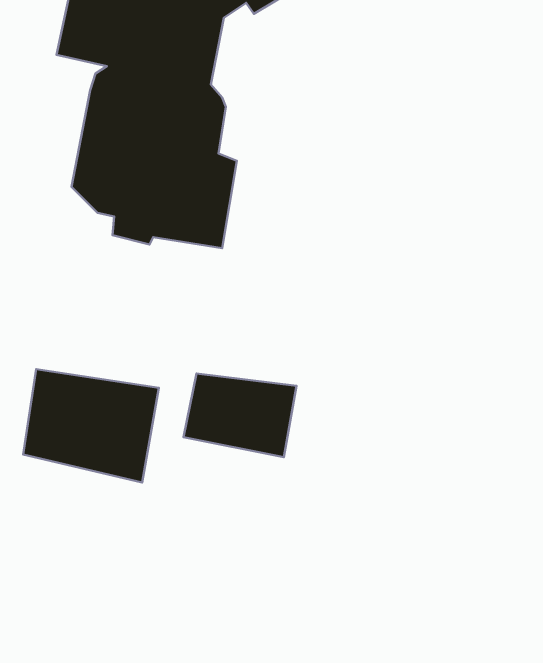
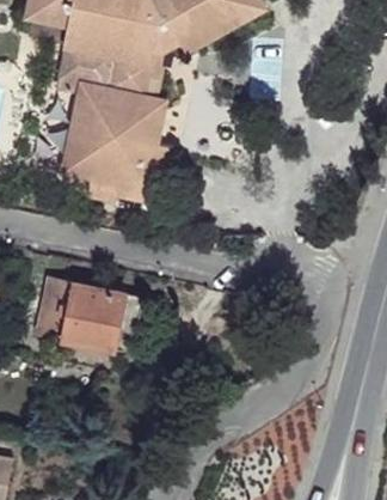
building: [184,373,296,457] -> none

